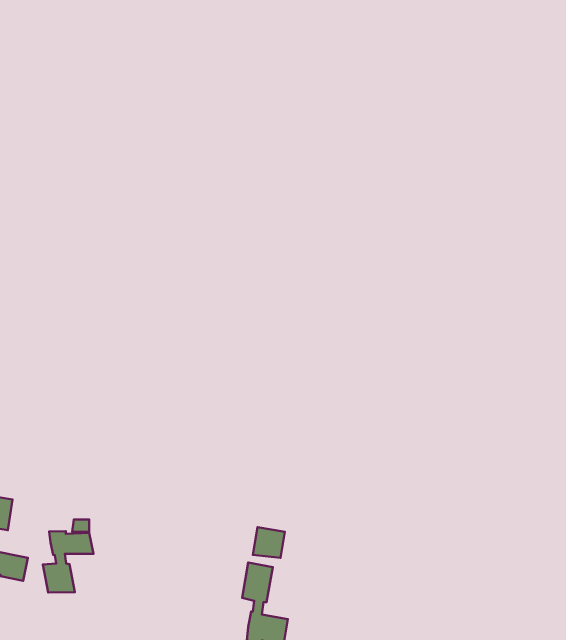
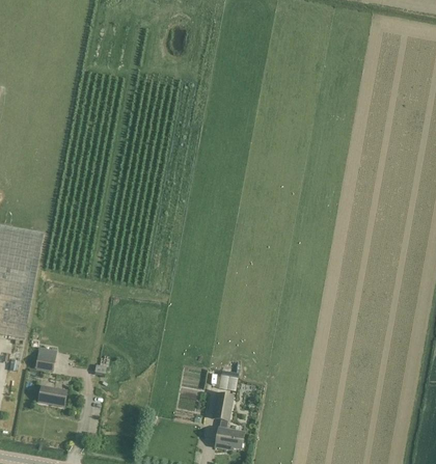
building: [43,531,93,593] -> none

